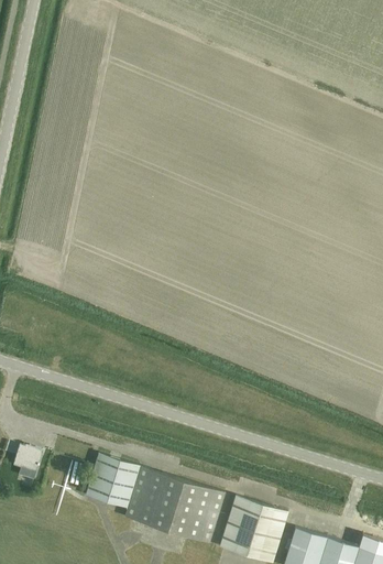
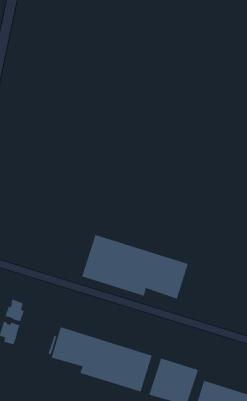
building: none -> [82,234,189,300]
building: none -> [5,299,25,322]

